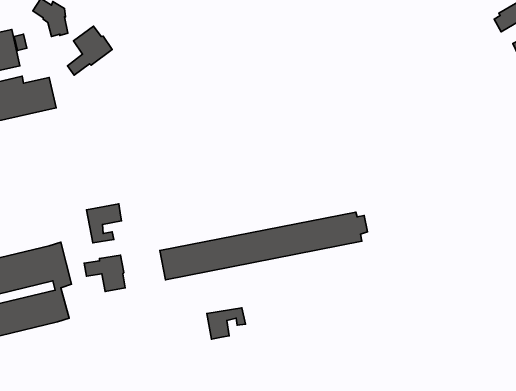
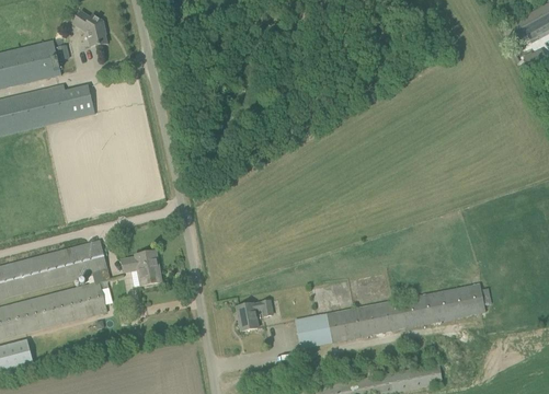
building: [67,26,112,75] -> none
building: [86,204,121,243] -> none
building: [160,212,368,280] -> [295,285,490,348]

